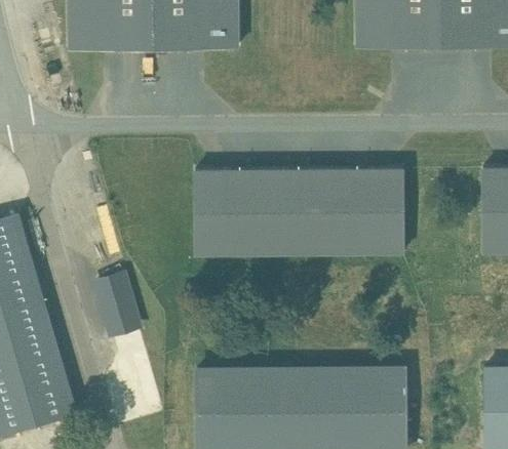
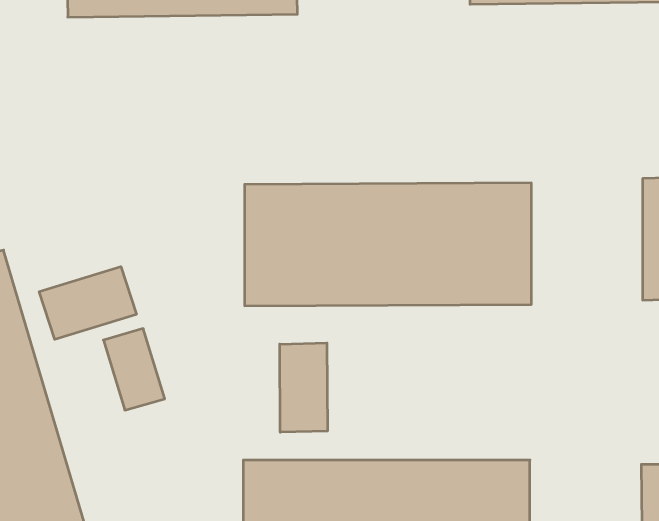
building: none -> [39,267,136,339]
building: none -> [280,343,327,432]

